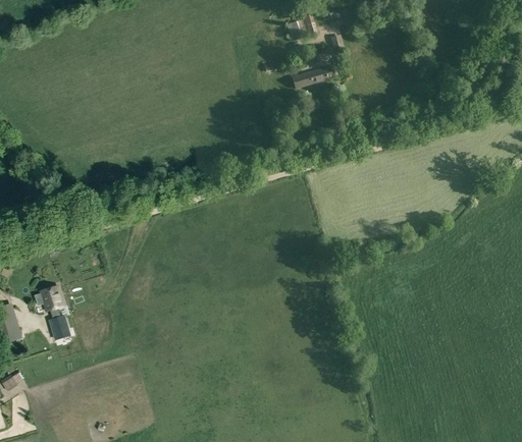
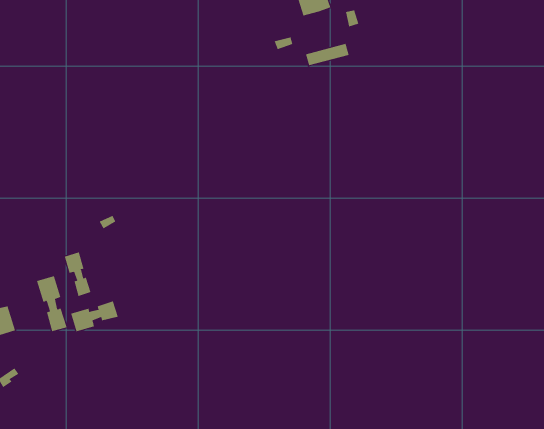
building: none -> [64,252,91,297]
building: none -> [71,301,118,332]

